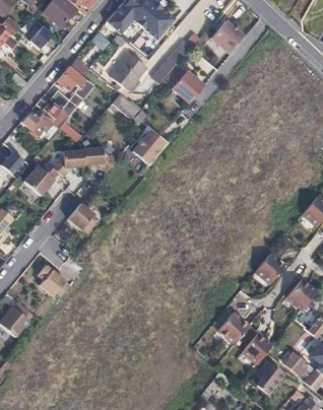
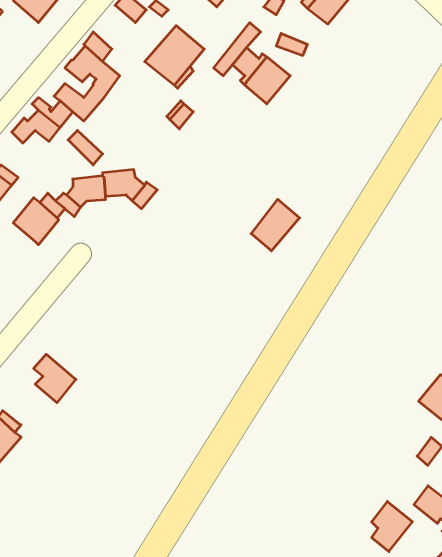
building: [133,130,165,163] -> [251,199,300,251]
building: [69,203,101,233] -> none
building: [257,253,285,282] -> none
building: [218,312,251,344] -> none
building: [244,333,273,362] -> none

